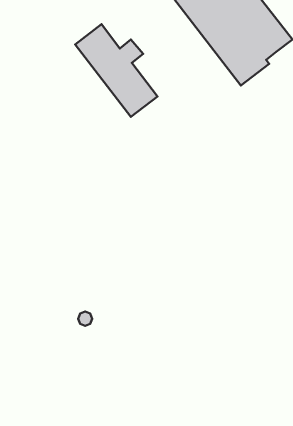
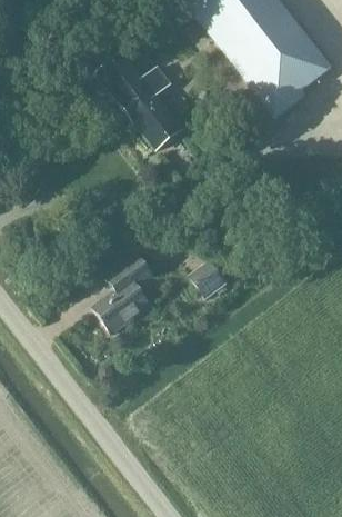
building: none -> [92,255,153,330]
building: none -> [189,259,227,297]

